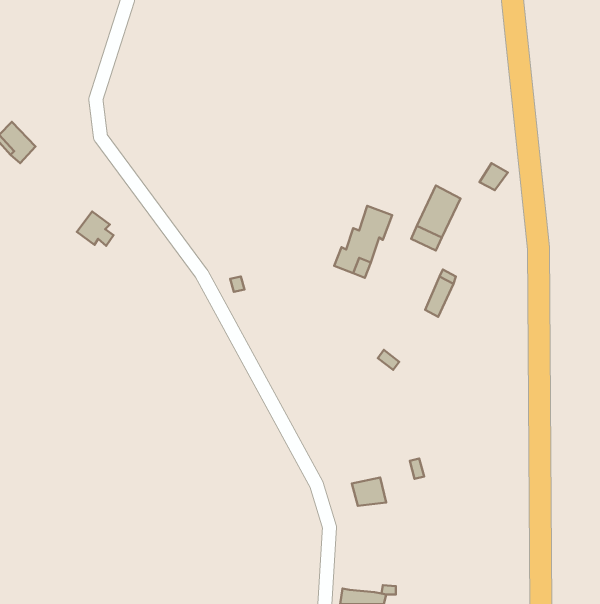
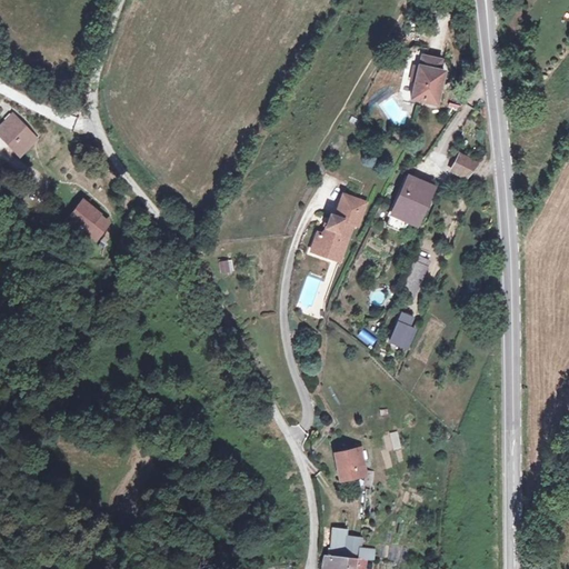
building: none -> [413,57,447,106]
building: none -> [388,311,416,349]
building: none -> [329,529,353,557]

